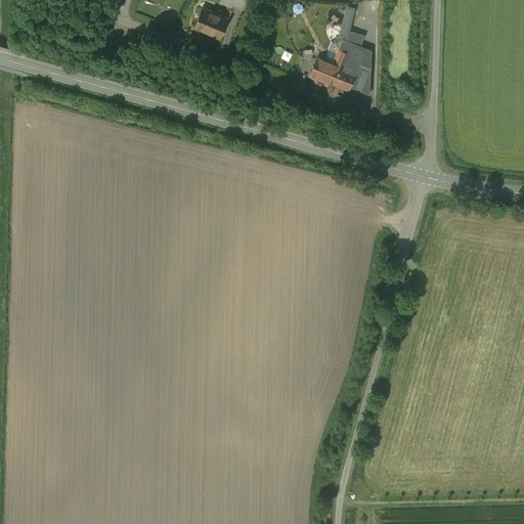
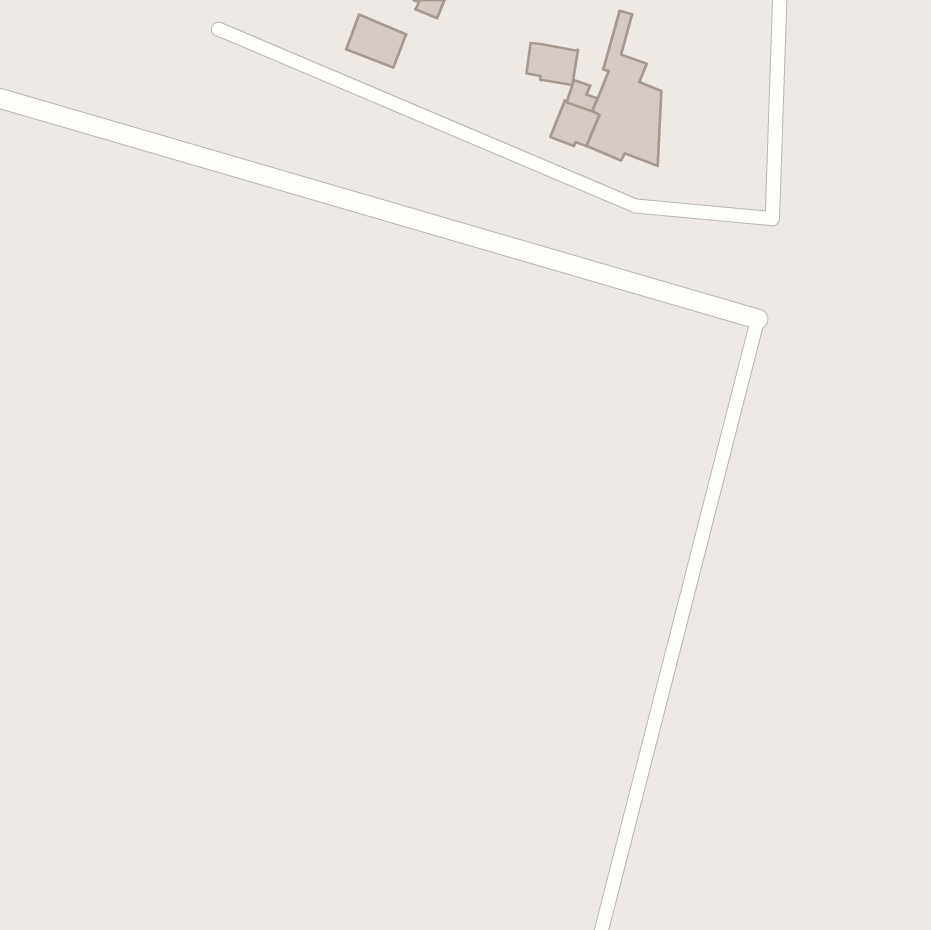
building: none -> [526,43,578,85]

